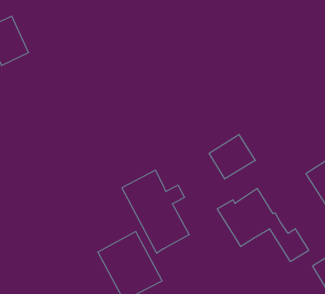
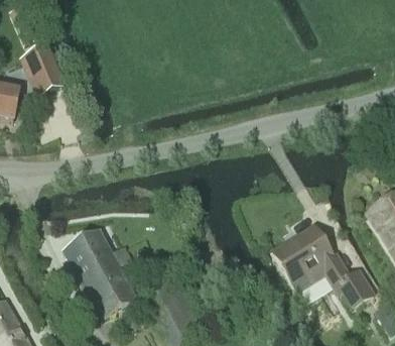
building: [209,134,255,179] -> none
building: [122,170,189,253] -> [64,228,137,318]

